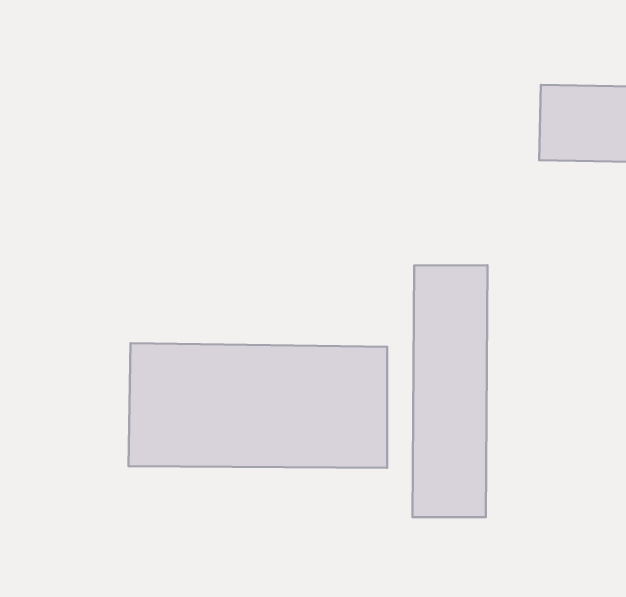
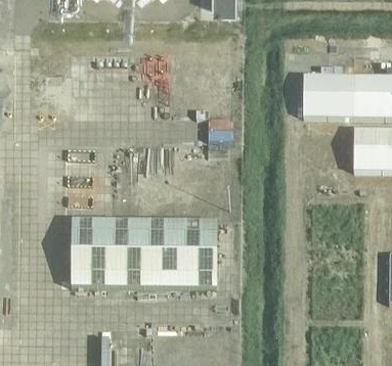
building: [412,265,487,517] -> none

